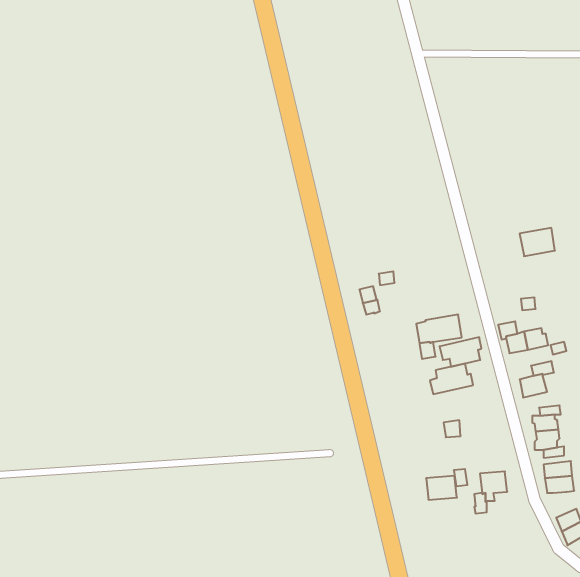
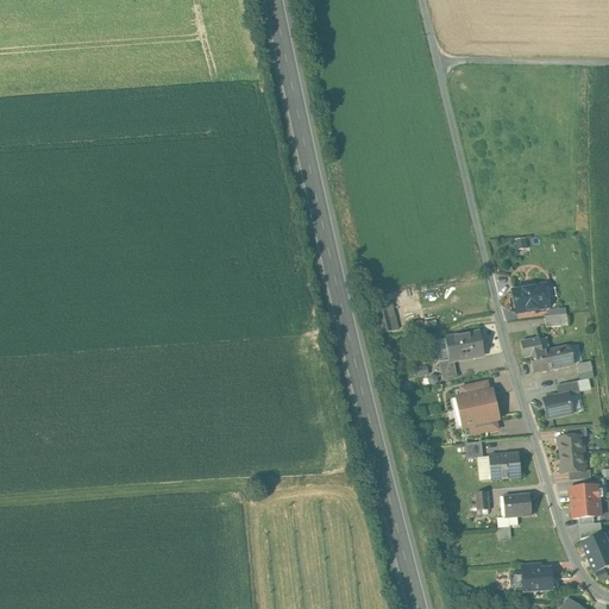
building: [520,228,555,256] -> [513,281,550,310]
building: [439,337,481,367] -> [454,403,498,434]
building: [426,476,457,500] -> [489,452,521,477]
building: none -> [511,569,552,590]

